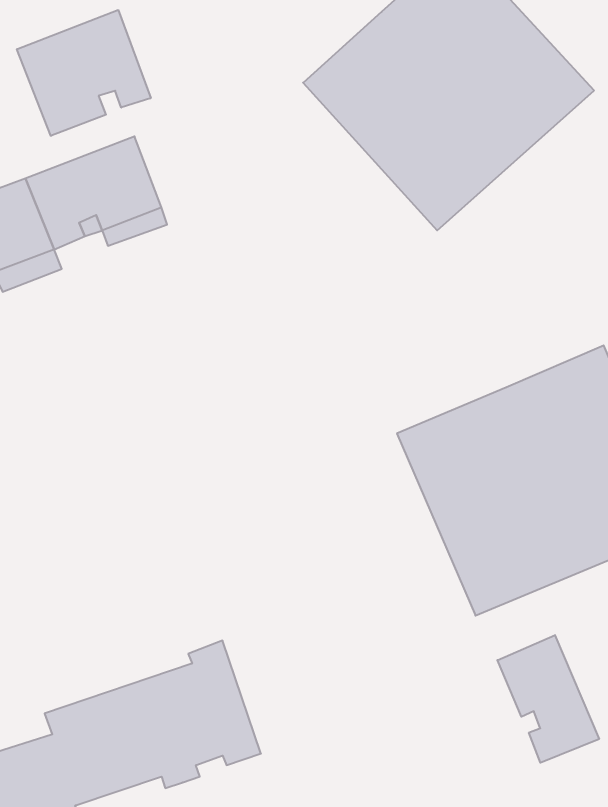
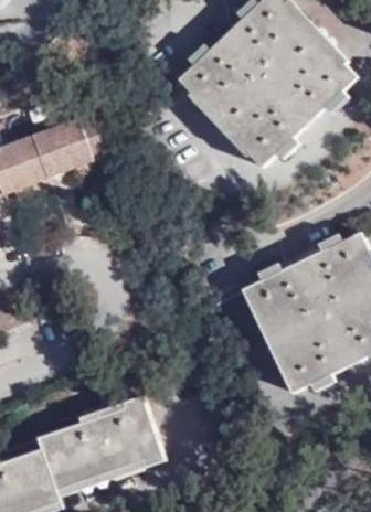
building: [17,10,151,136] -> none
building: [497,635,599,763] -> none

